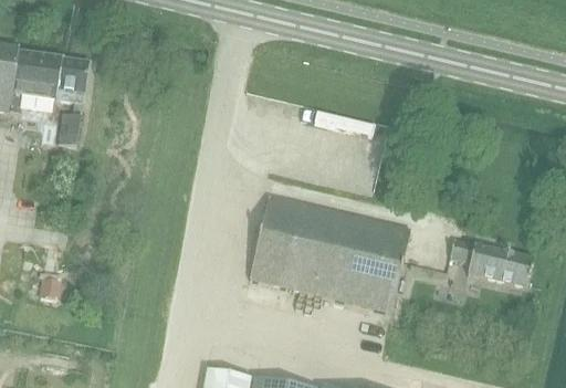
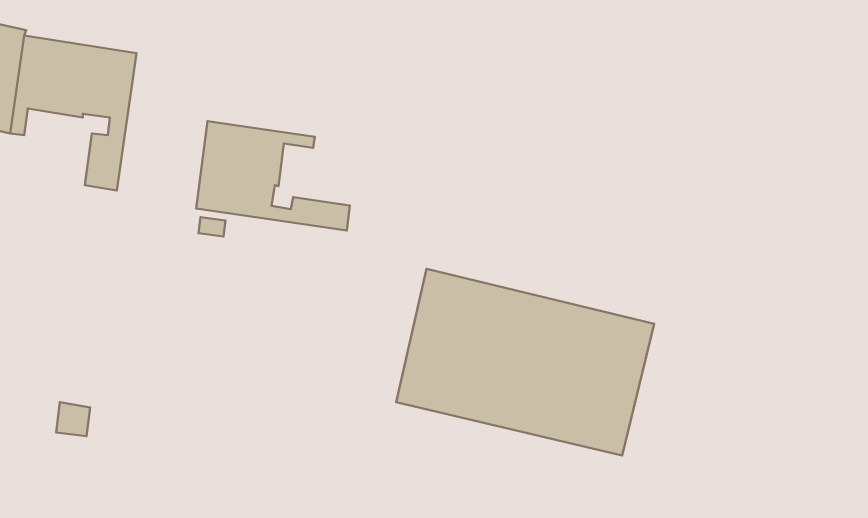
building: none -> [196,121,350,231]
building: [449,239,534,287] -> none

